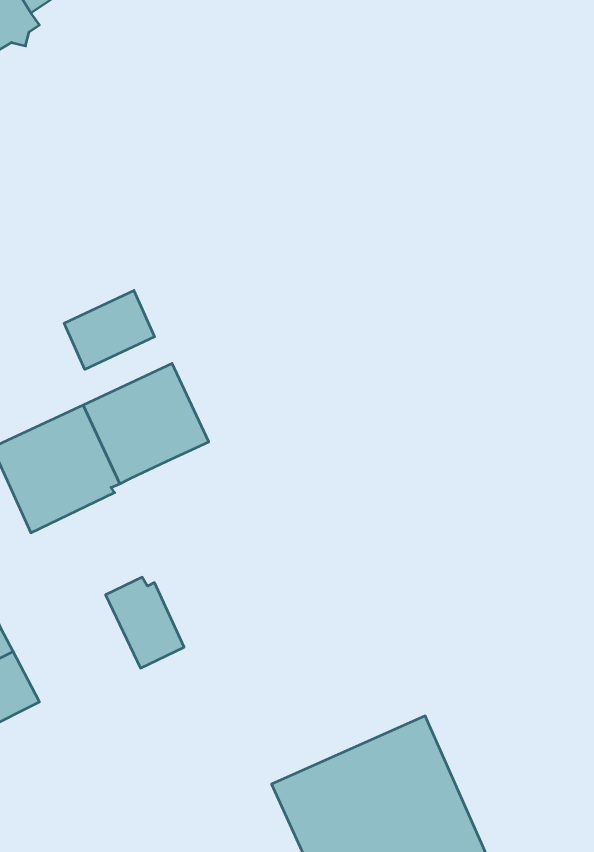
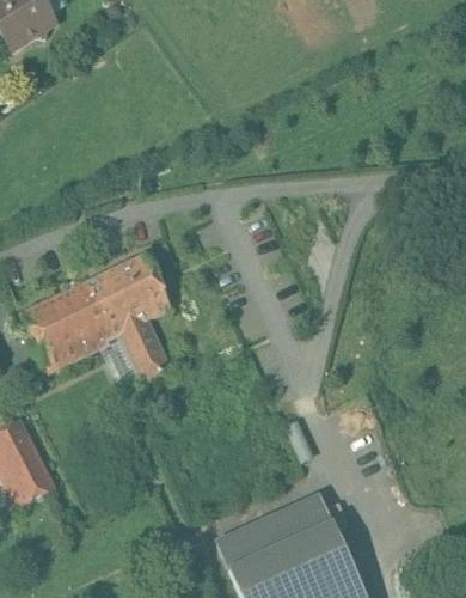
building: [64,290,155,369] -> none
building: [106,577,184,668] -> [117,322,171,384]

